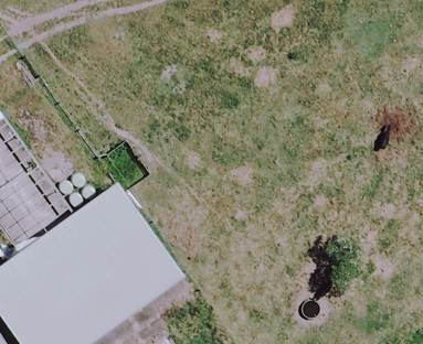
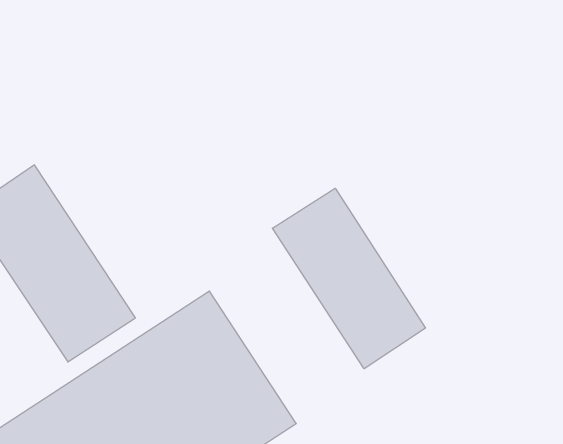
building: none -> [272,188,426,369]

